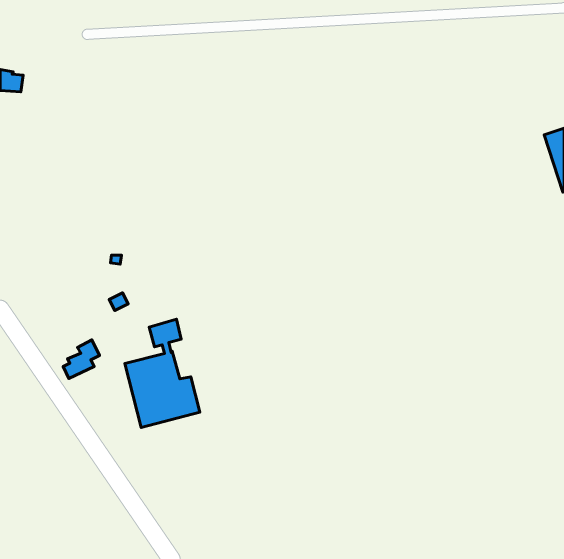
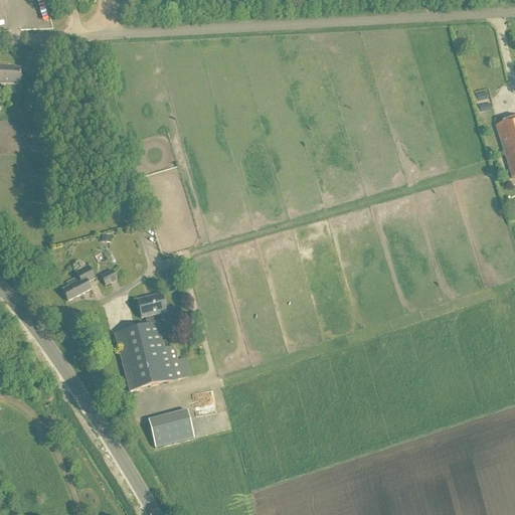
building: [63,340,100,379] -> [62,263,96,298]
building: none -> [148,407,194,446]

